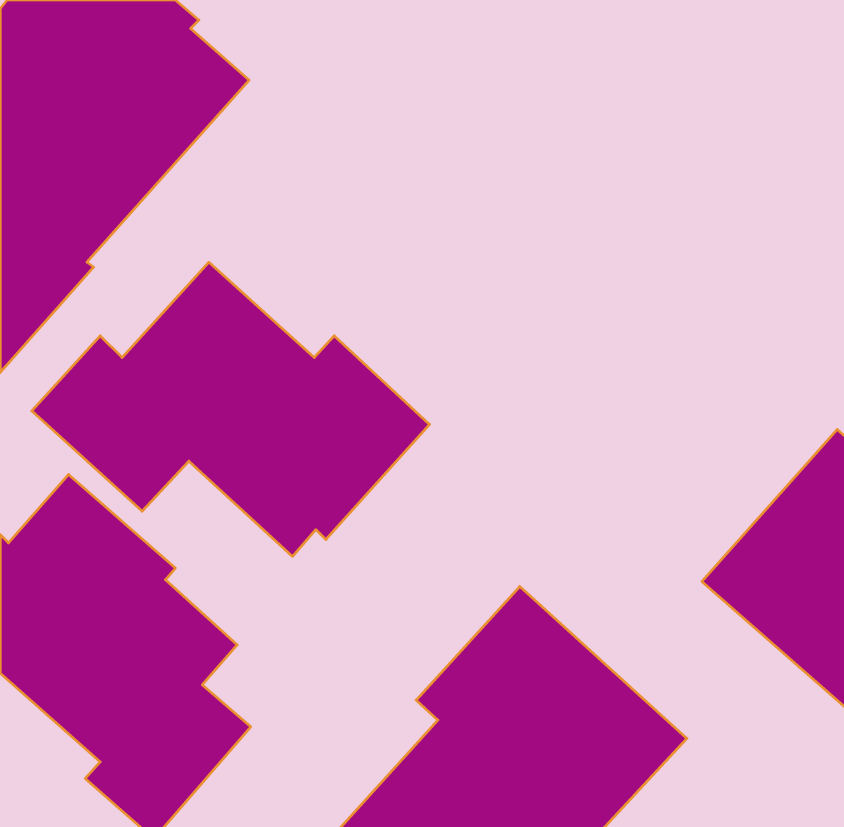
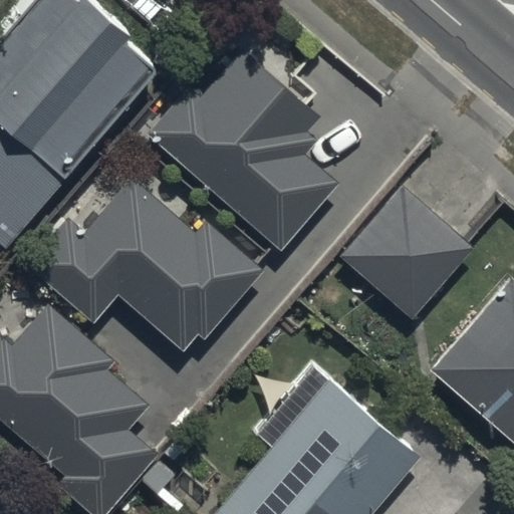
building: none -> [146,45,340,251]
building: none -> [341,186,472,316]

